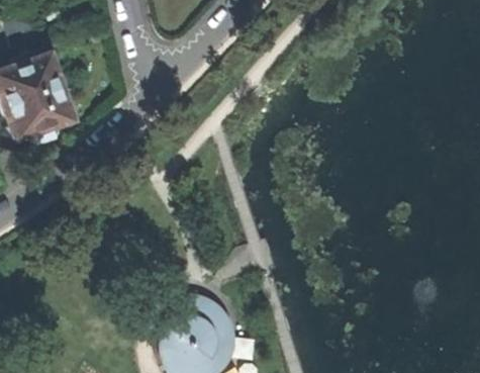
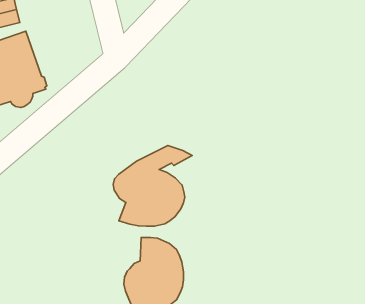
building: none -> [113,145,192,226]

